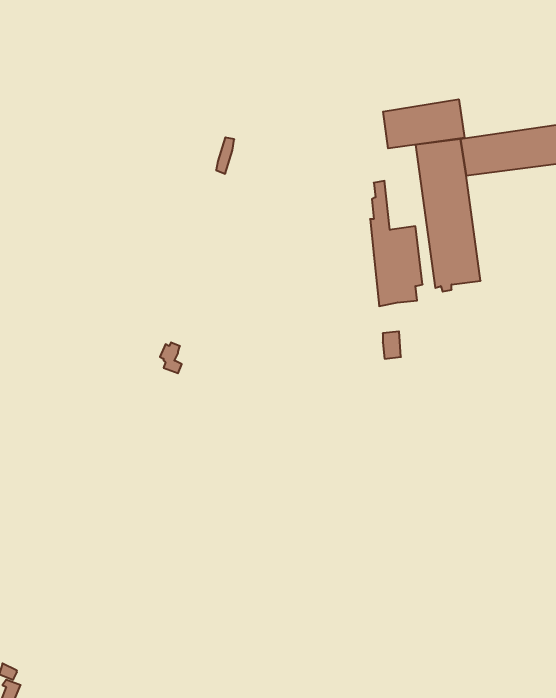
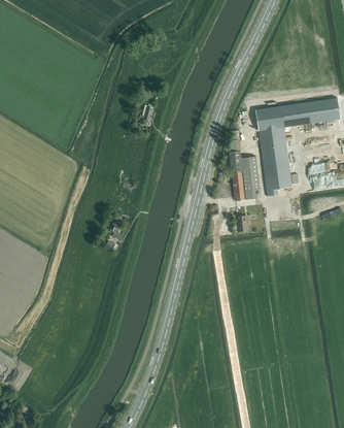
building: [383,99,464,148] -> none

